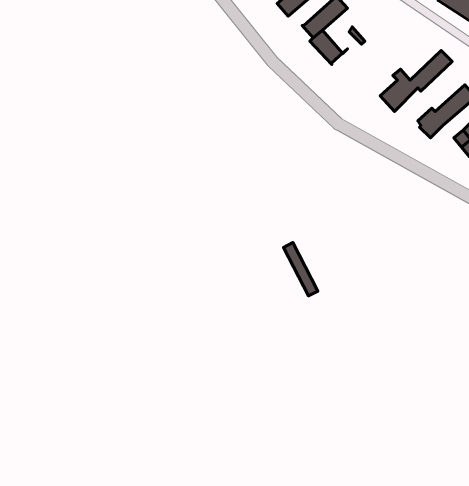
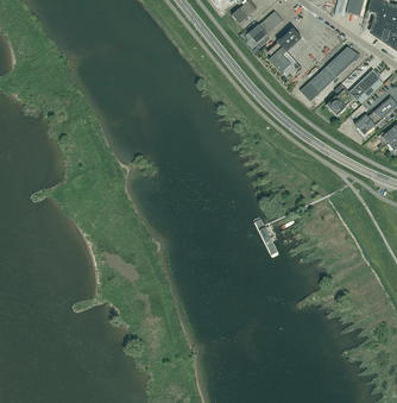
building: none -> [301,45,361,101]

